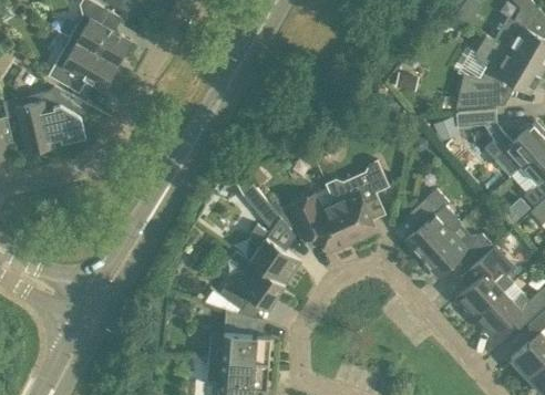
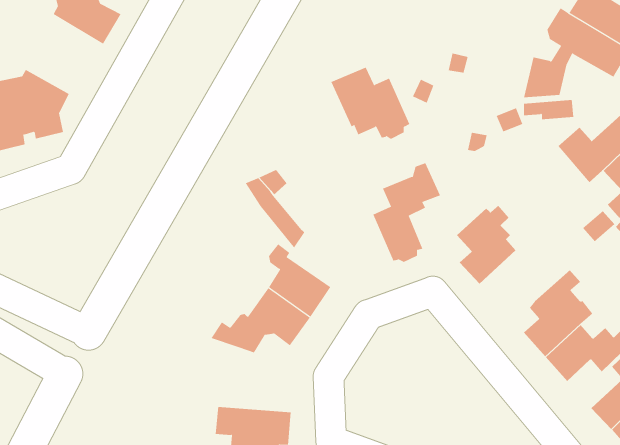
building: [49,41,117,92] -> none
building: [287,194,351,252] -> [331,67,410,139]
building: [421,231,494,277] -> none
building: [209,310,271,362] -> none

